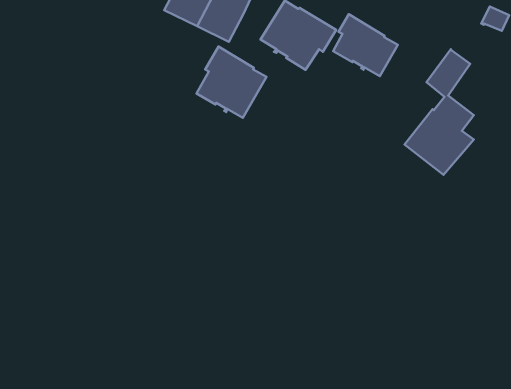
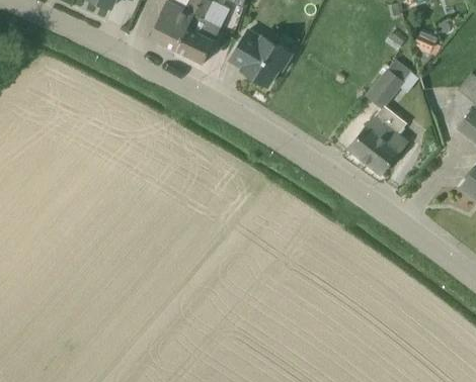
building: [333,14,398,76] -> none
building: [196,47,266,118] -> none

